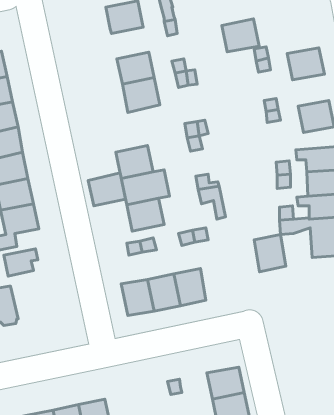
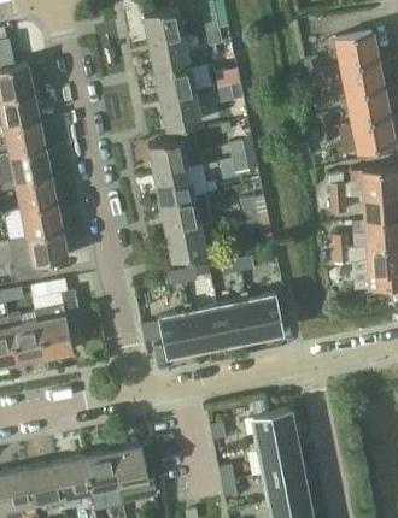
building: [222,19,259,52] -> [335,30,376,66]
building: none -> [148,37,189,72]
building: none -> [347,89,387,124]
building: [88,173,126,206] -> [147,139,188,175]
building: [254,234,286,272] -> [246,296,281,337]
building: none -> [35,290,81,358]

